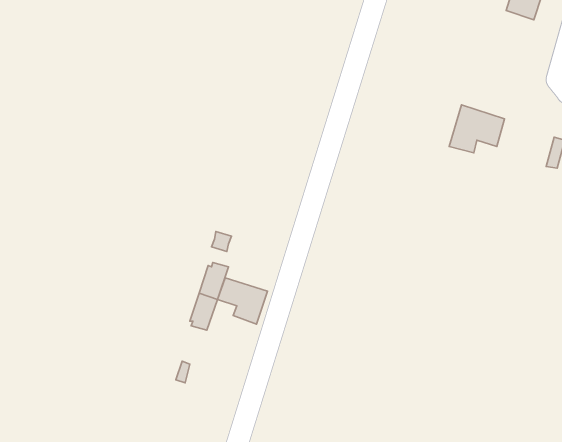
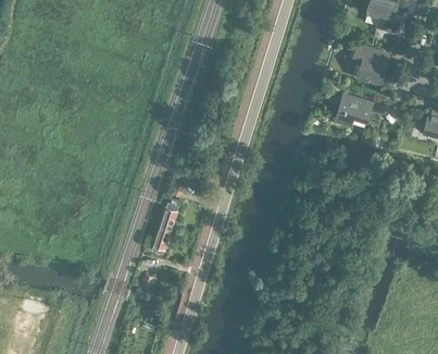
building: none -> [351,44,388,85]
building: [217,278,268,324] -> none

